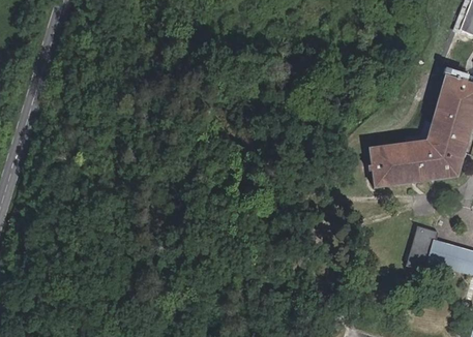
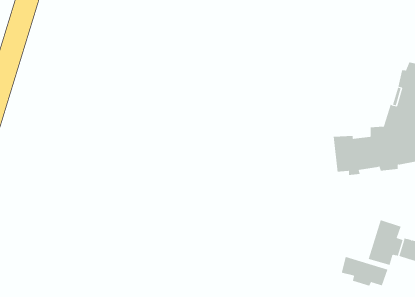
building: none -> [341,256,388,286]

